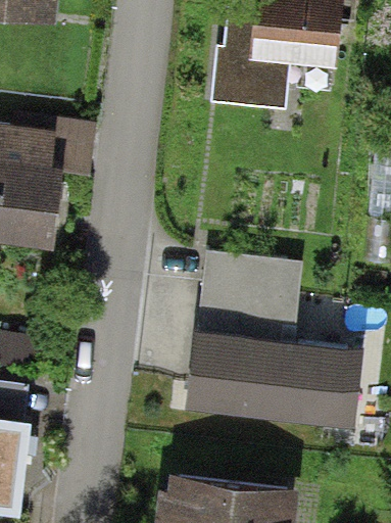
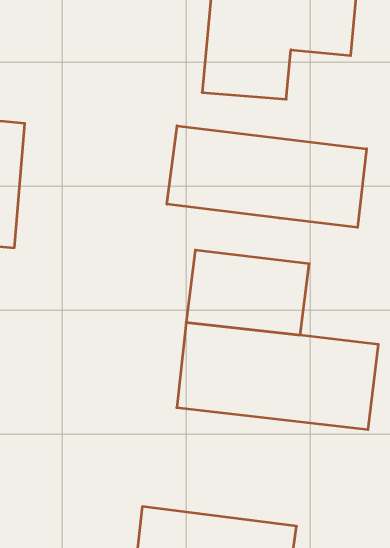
building: none -> [167,126,367,227]

